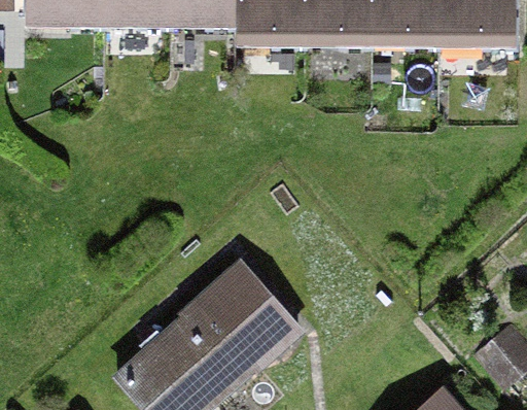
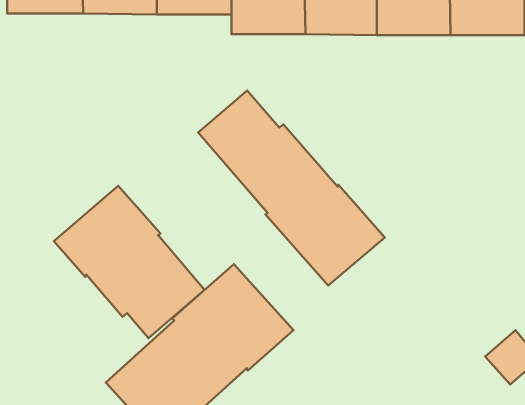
building: none -> [198,91,385,286]
building: none -> [54,186,205,338]

